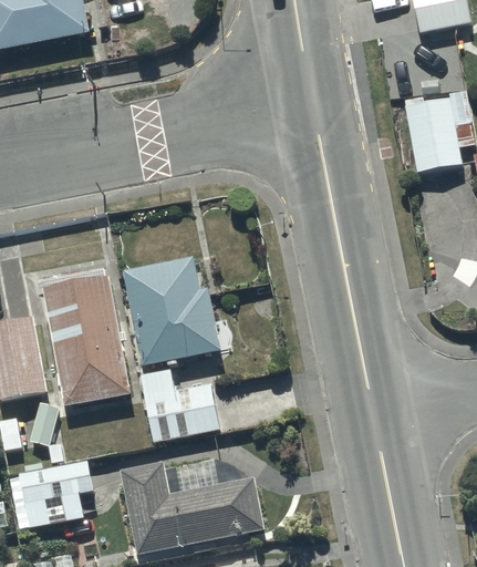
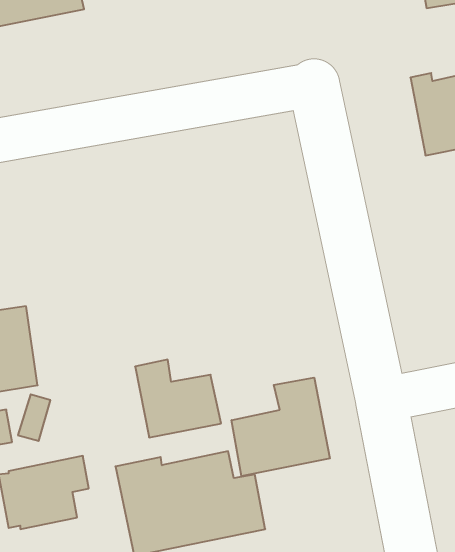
building: [123,256,221,365] -> none
building: [44,276,132,405] -> none
building: none -> [232,378,330,476]

